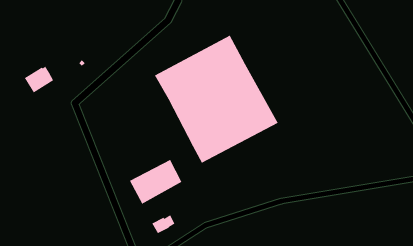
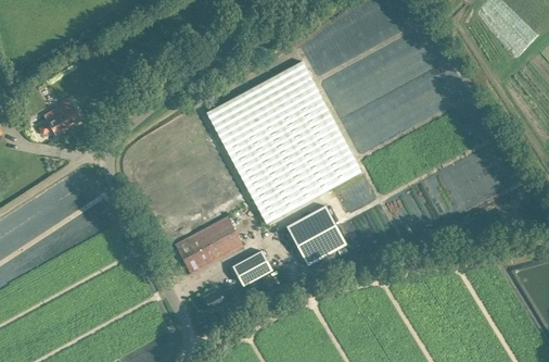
building: none -> [286,204,346,265]
building: none -> [232,249,272,286]

